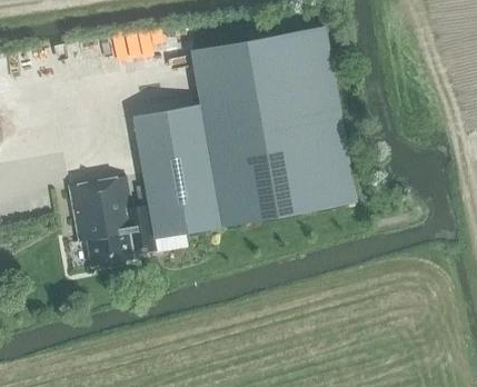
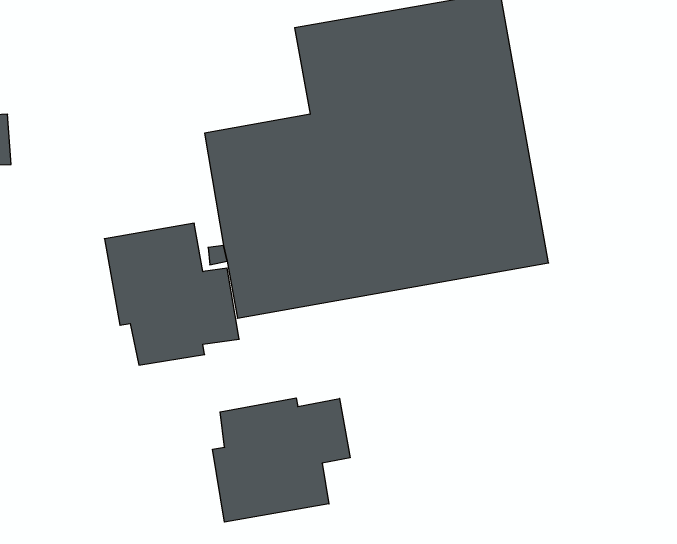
building: none -> [213,398,350,522]

